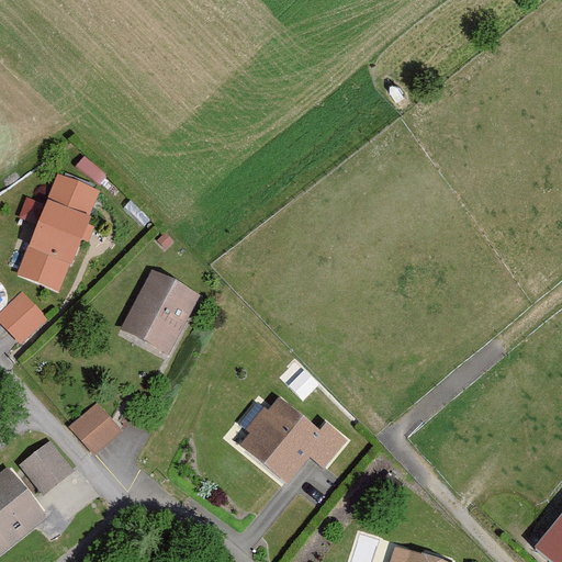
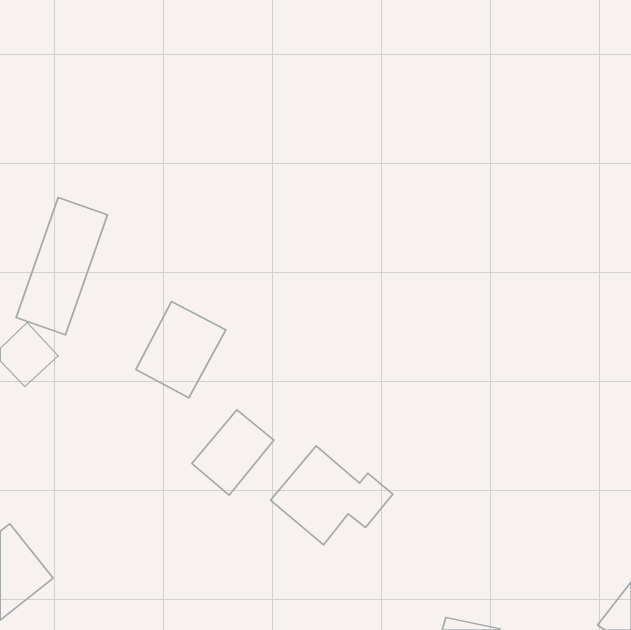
building: none -> [192,410,274,495]
building: [66,408,117,458] -> none
building: [20,439,75,494] -> none

